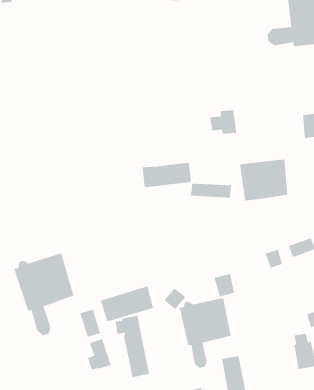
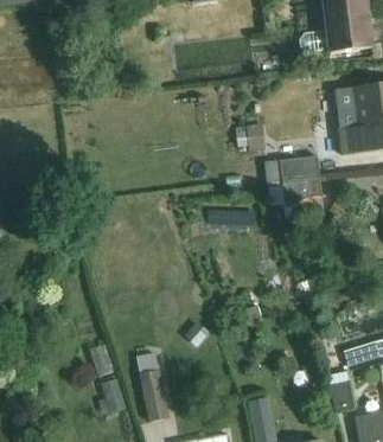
building: [142,162,192,188] -> [263,155,319,184]
building: [13,253,75,336] -> none
building: [100,286,154,322] -> none
building: [179,297,231,369] -> none

